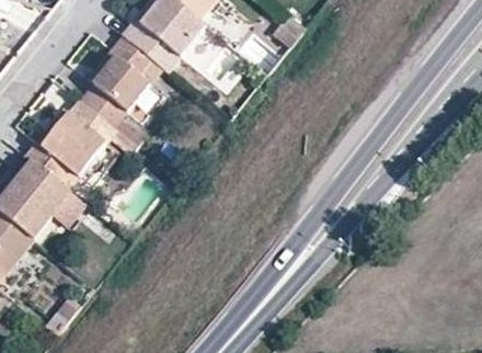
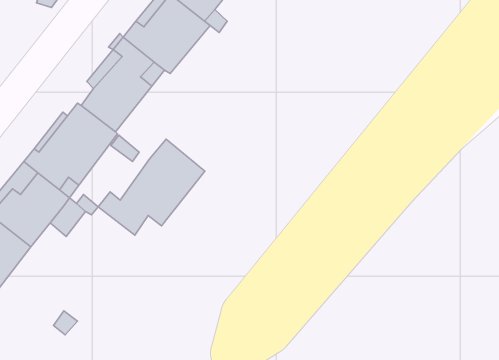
building: none -> [98,139,205,235]

